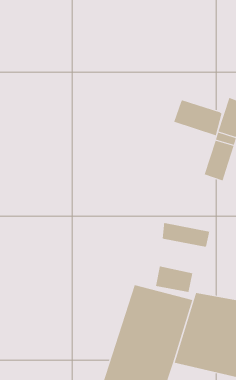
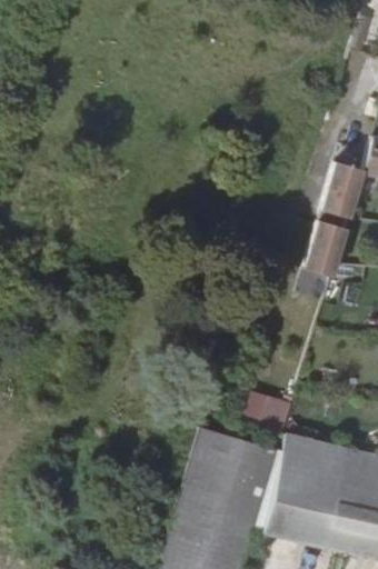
building: [174,100,222,136] -> none
building: [162,222,210,248] -> none

